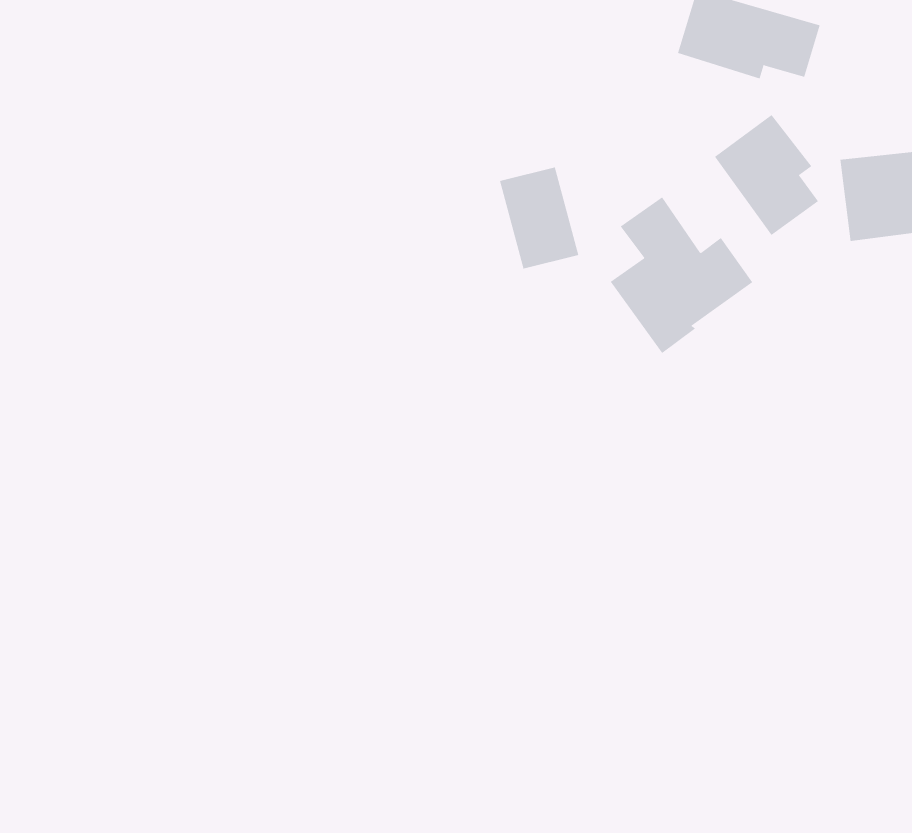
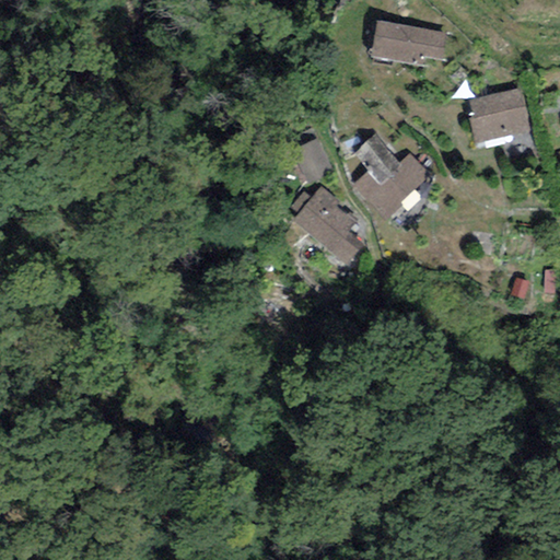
building: [714,114,819,236] -> none
building: none -> [290,186,364,265]

